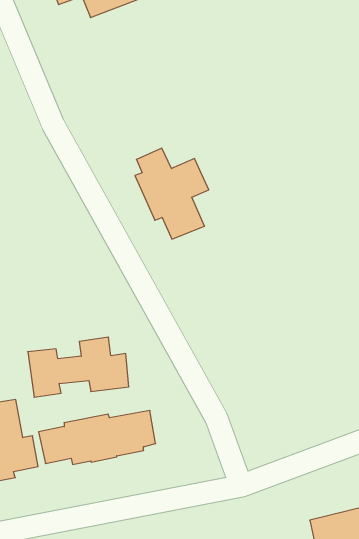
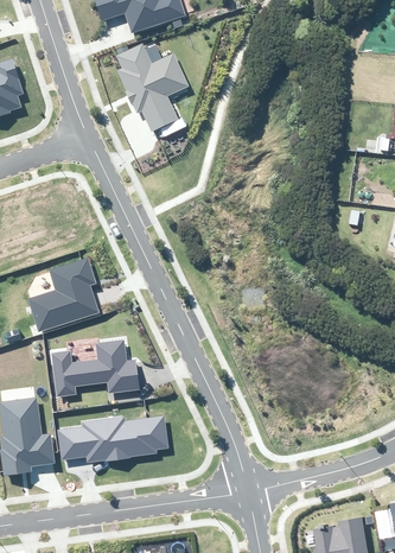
building: [135,148,209,239] -> [115,43,185,131]
building: none -> [33,256,100,328]

